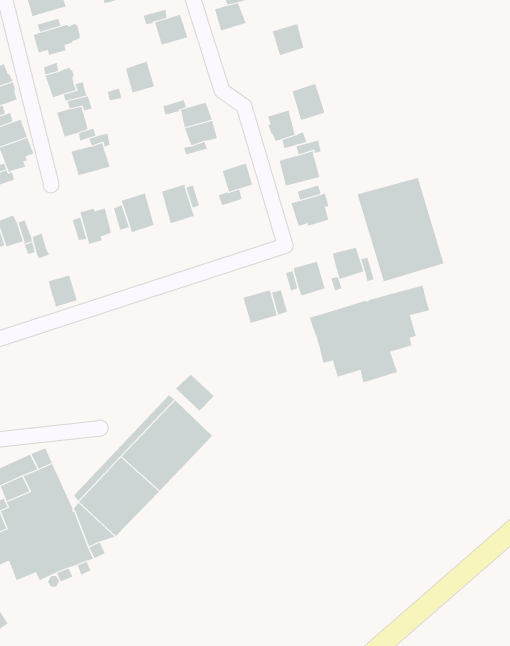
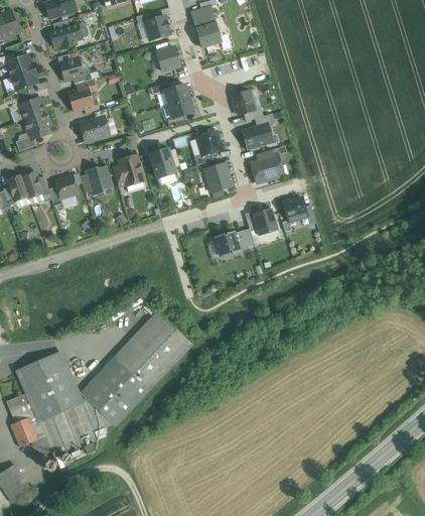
building: [272,23,304,56] -> [196,22,222,47]
building: [125,61,155,93] -> [157,45,180,71]
building: [292,83,325,121] -> none
building: [357,177,444,282] -> none
building: none -> [204,162,233,191]
building: [48,275,77,307] -> [55,173,79,199]
building: [309,285,430,383] -> none
building: [175,374,215,411] -> none

